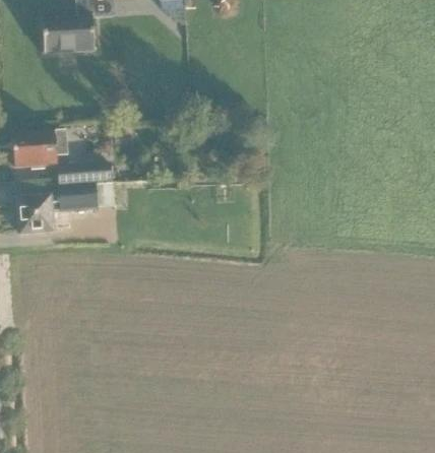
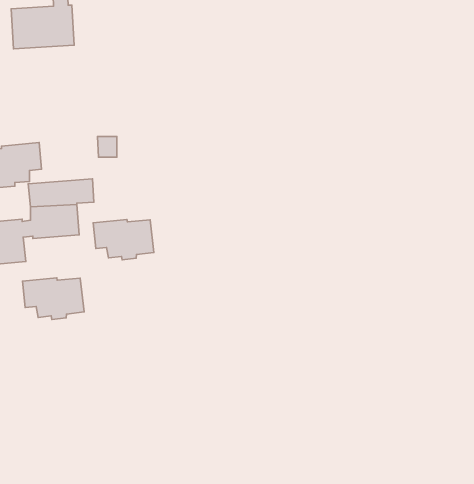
building: none -> [93,220,154,260]
building: none -> [23,278,84,320]

